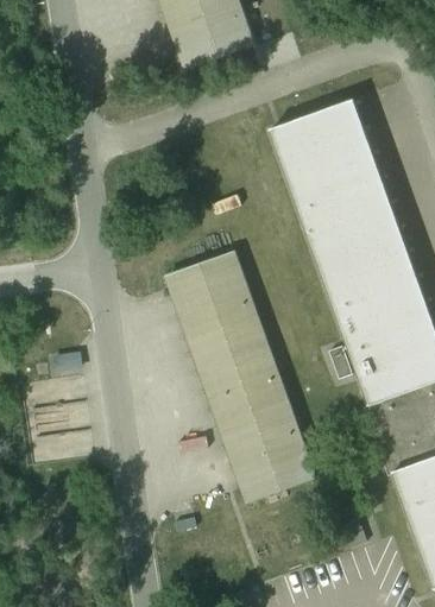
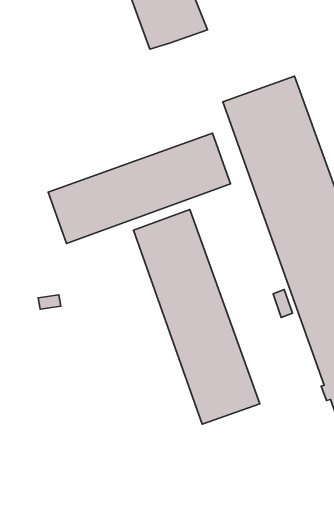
building: none -> [48,133,231,244]

